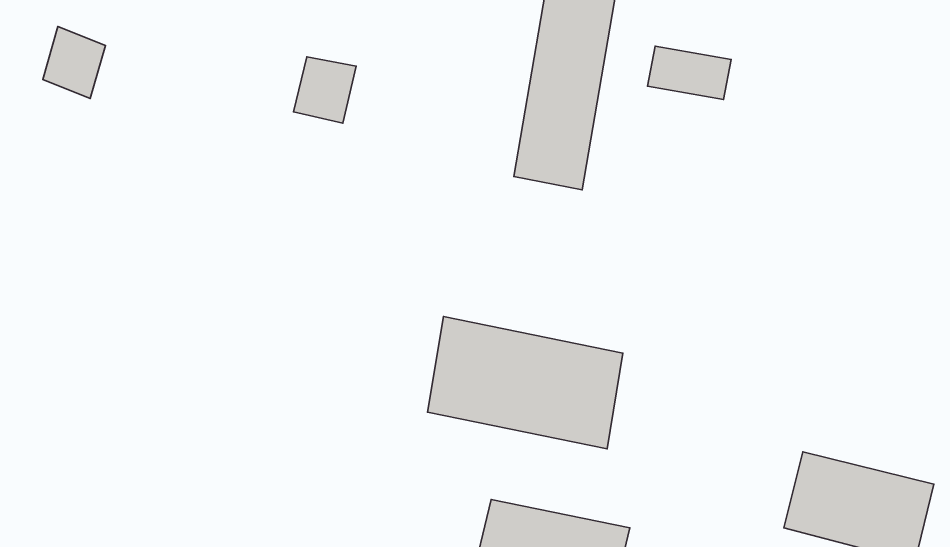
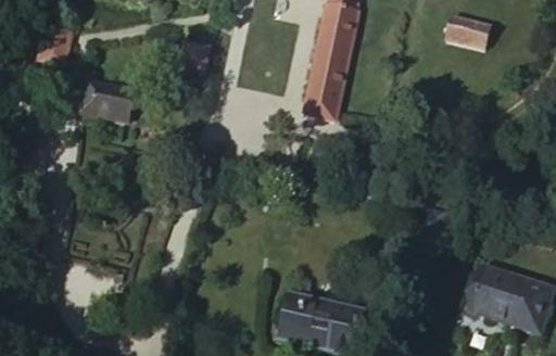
building: [647,46,731,99] -> [446,15,494,46]
building: none -> [81,84,130,128]
building: [428,316,623,449] -> none

